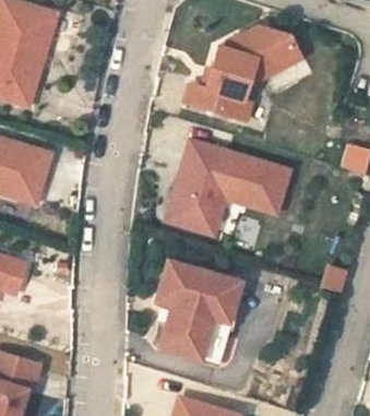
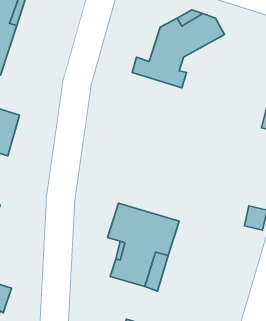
building: [171,140,289,230] -> none

